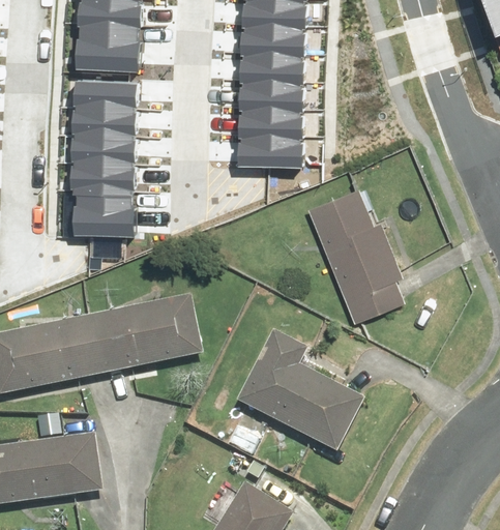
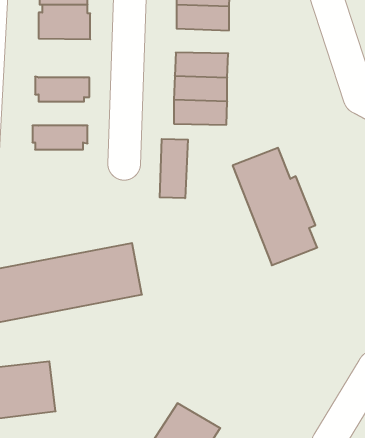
building: [240,46,302,75] -> none
building: [77,73,140,102] -> none
building: [75,130,139,158] -> none
building: none -> [160,139,188,198]
building: [76,186,136,227] -> none
building: [235,327,363,450] -> none

